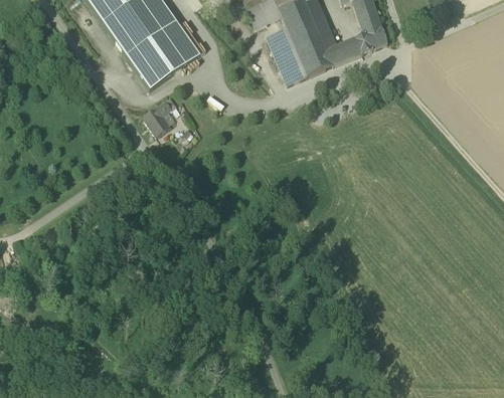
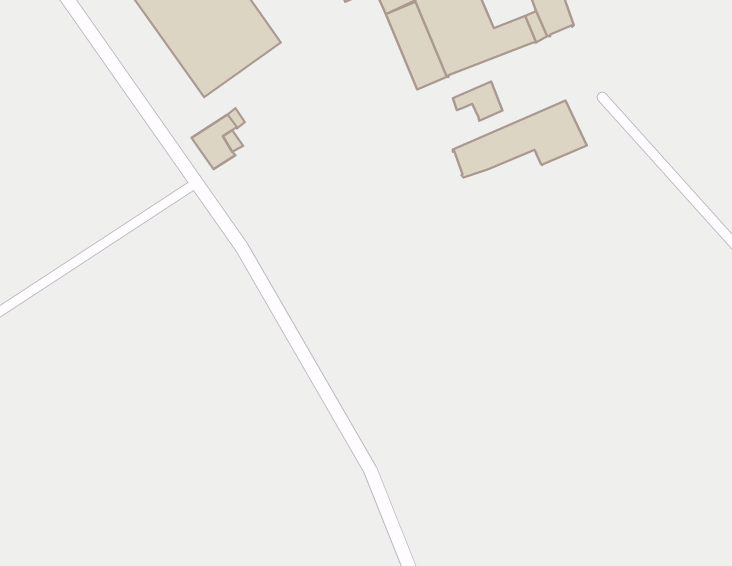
building: none -> [453,82,502,121]
building: none -> [453,101,587,178]

